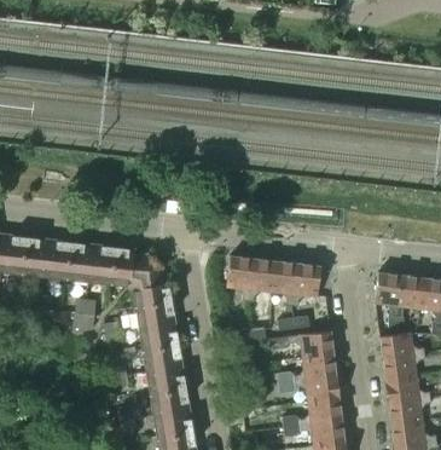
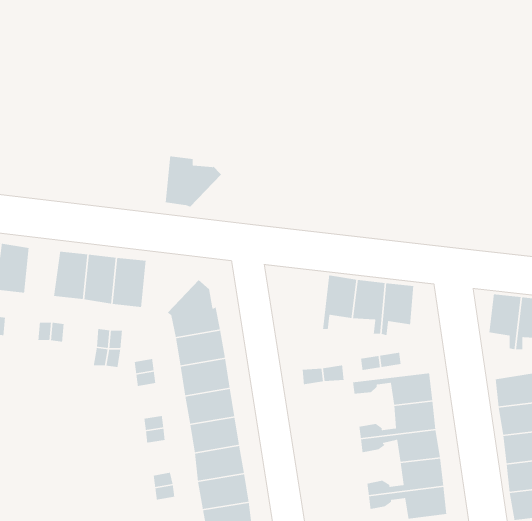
building: [21,236,47,273] -> none
building: [110,246,153,285] -> [165,155,222,208]
building: [227,255,253,299] -> none

